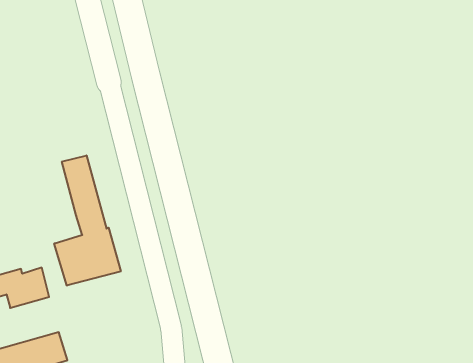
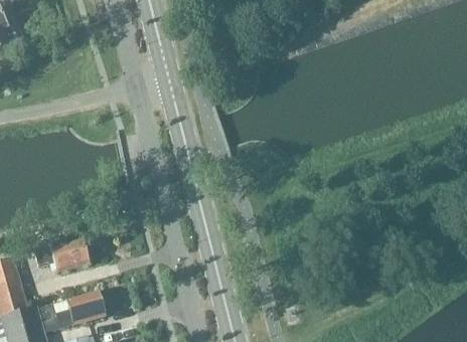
building: [54,155,121,286] -> none

